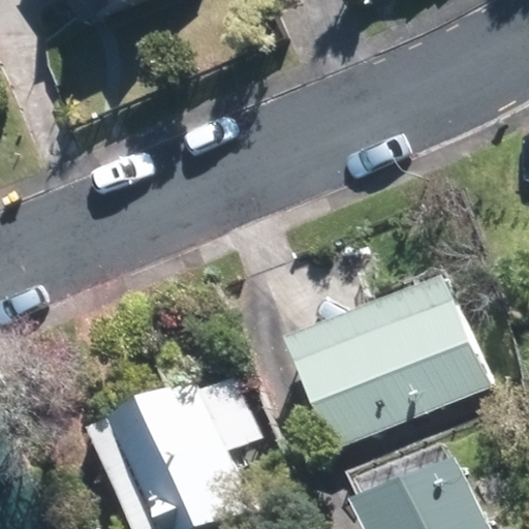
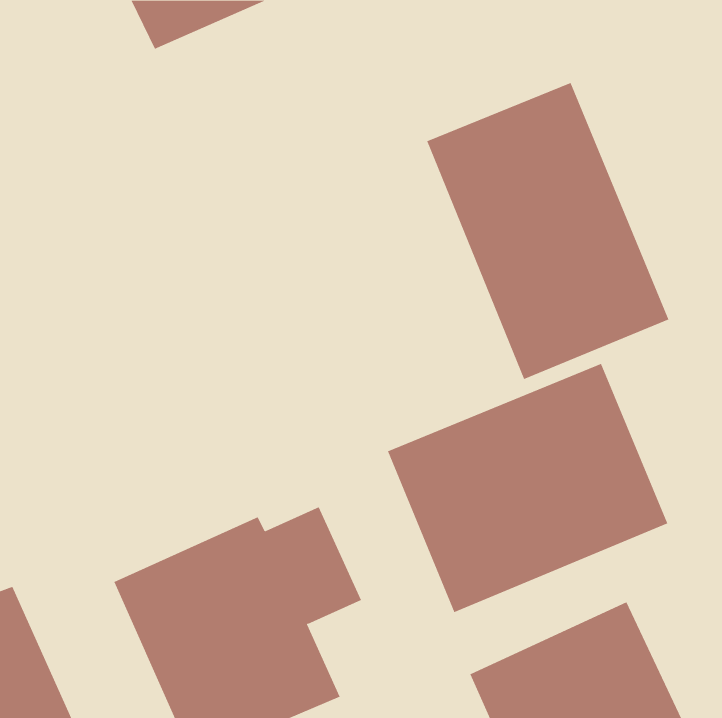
building: none -> [427,82,669,380]

